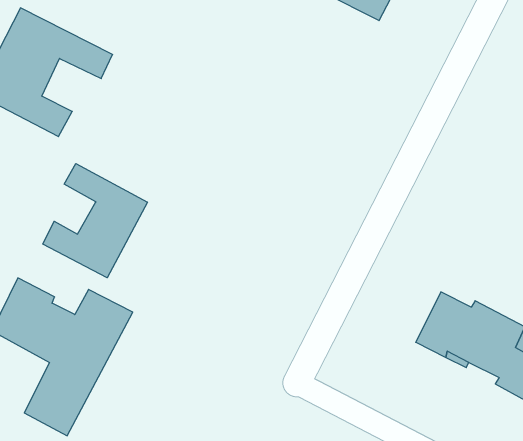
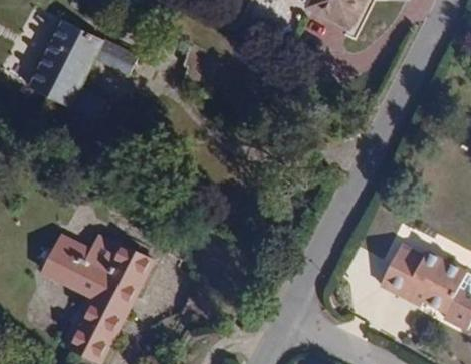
building: [43,164,147,278] -> none

